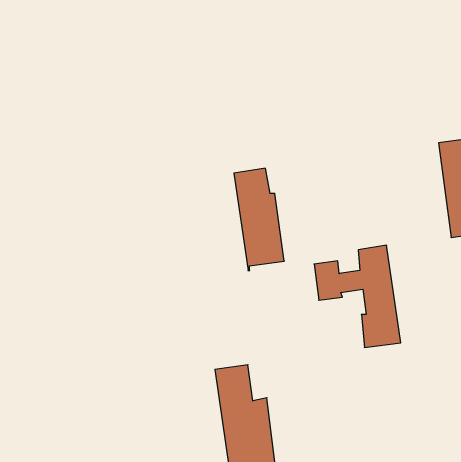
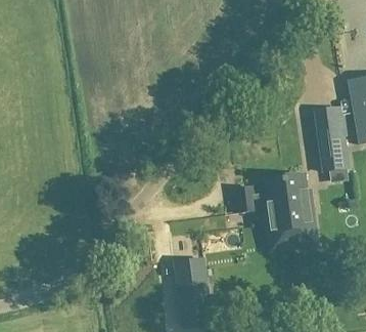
building: [234,168,284,271] -> [282,173,315,240]

